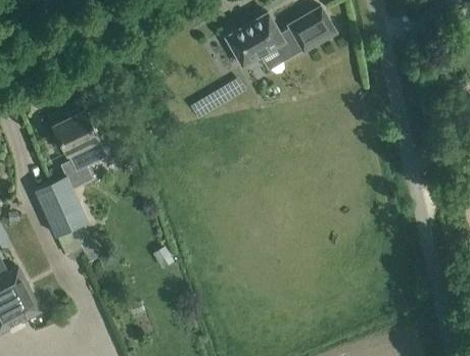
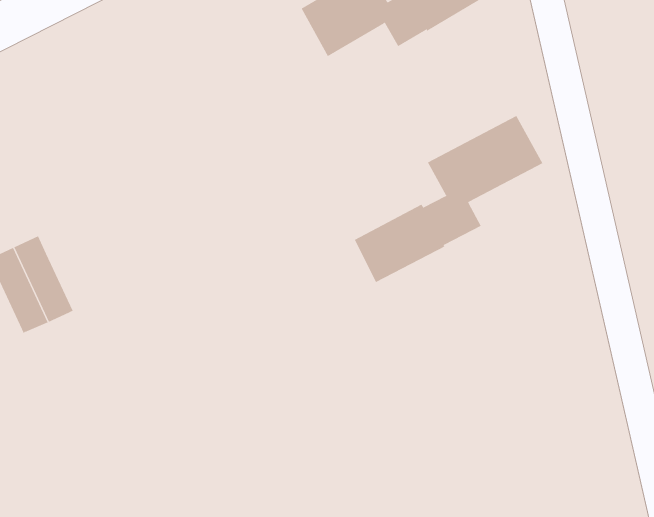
building: none -> [354,115,543,283]
building: [53,110,105,170] -> none

